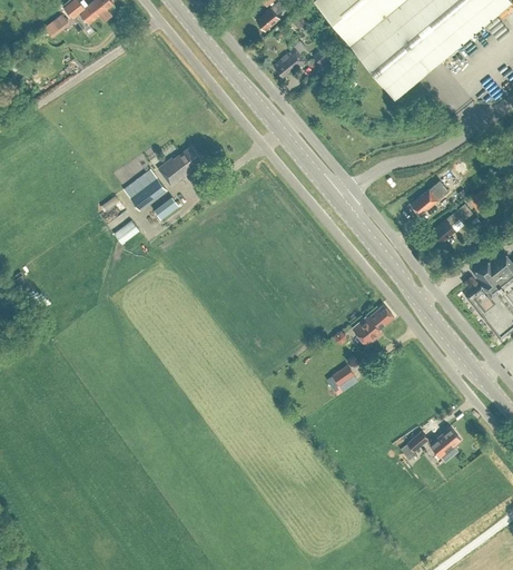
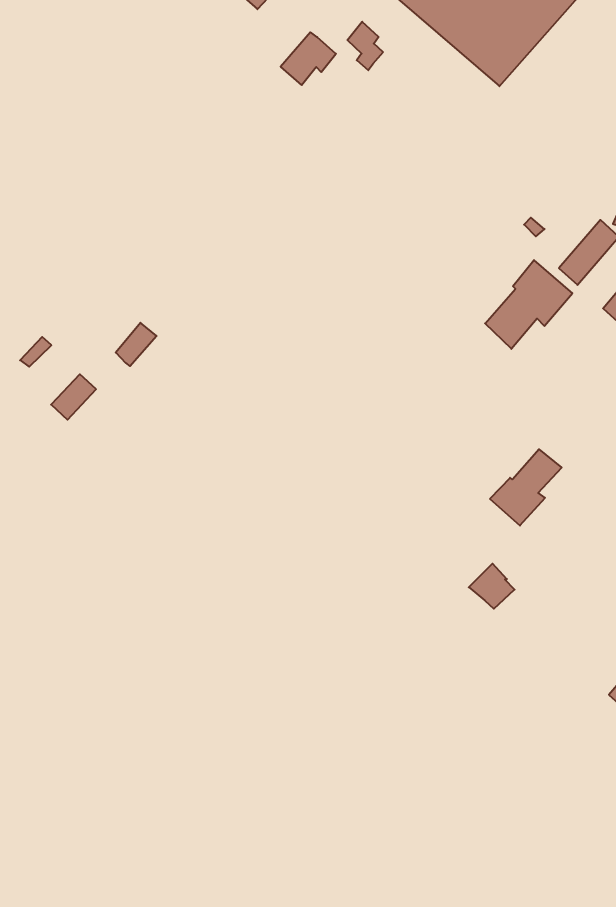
building: [158,145,203,186] -> none
building: [125,169,167,210] -> none
building: none -> [485,260,572,349]

